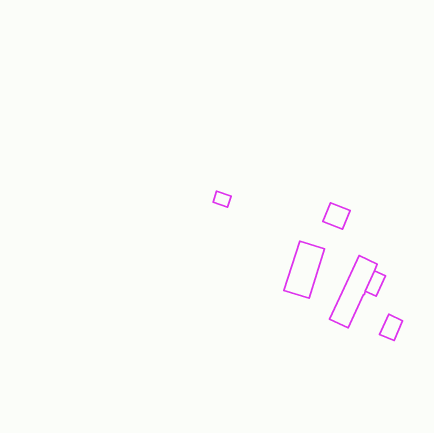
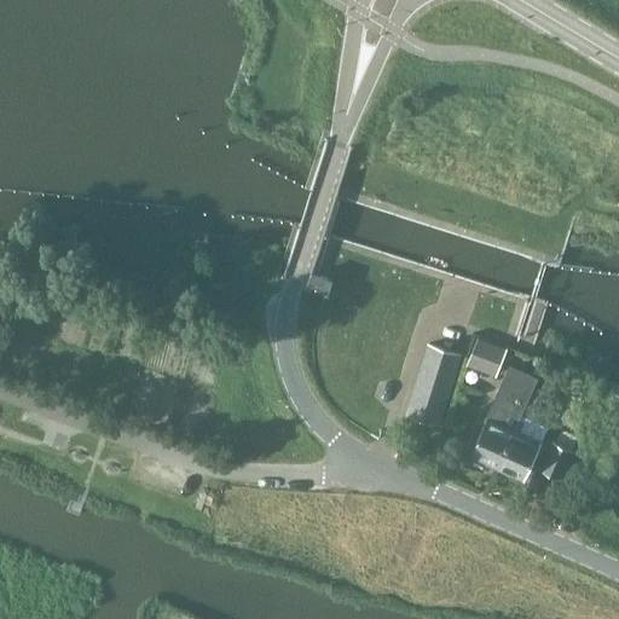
building: [323,203,350,229] -> [467,337,505,375]
building: none -> [496,421,542,480]

